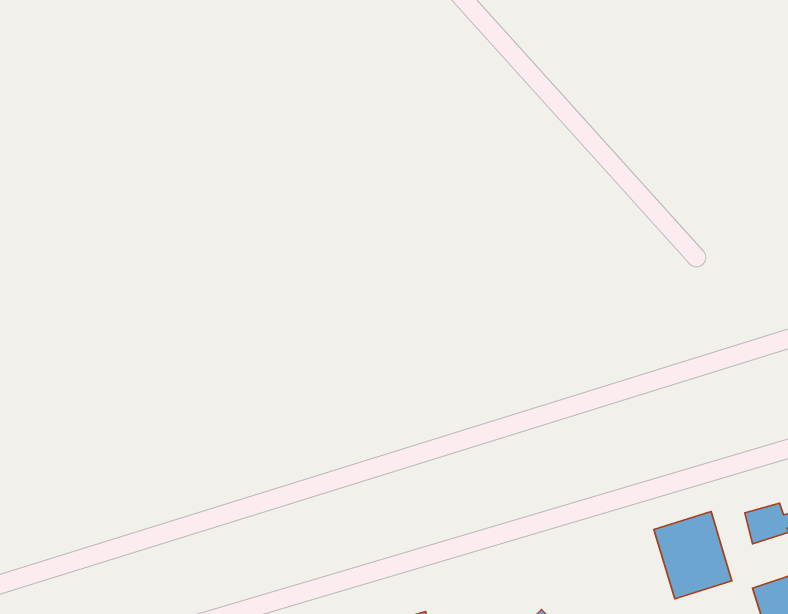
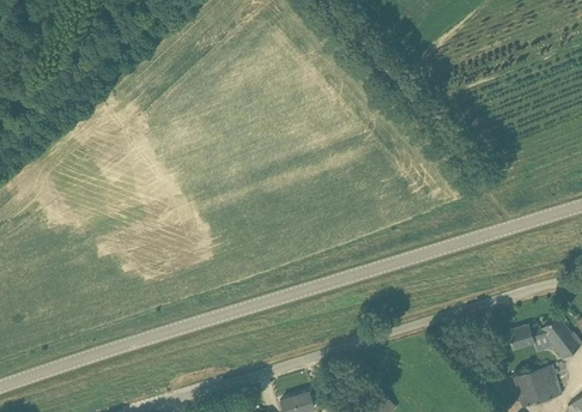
building: [654,512,732,599] -> none

